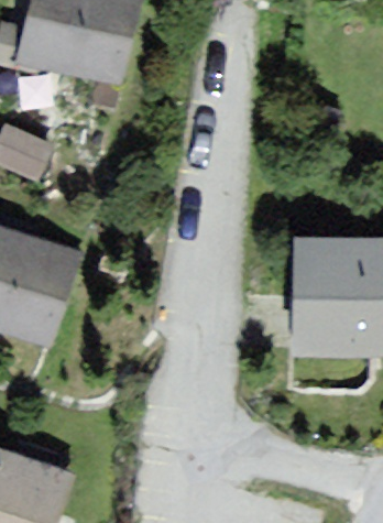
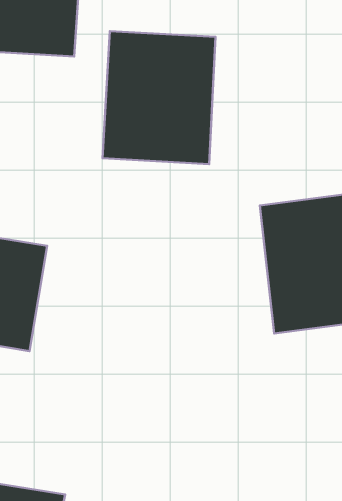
building: none -> [103,31,215,164]

